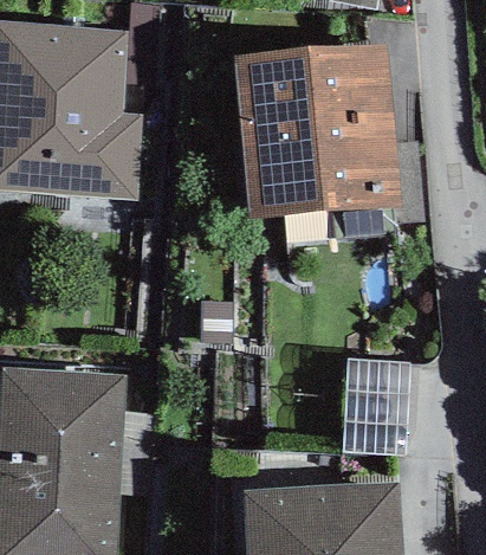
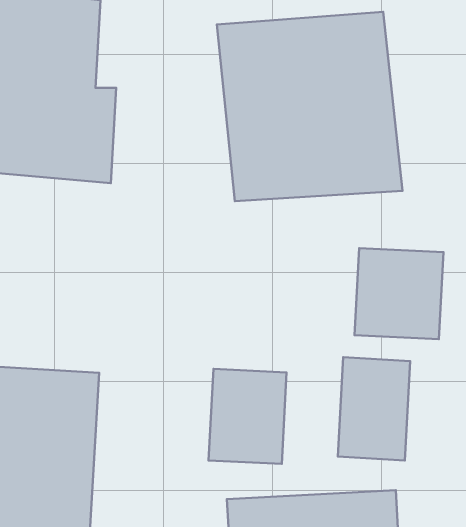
building: none -> [354,248,443,339]
building: none -> [209,369,287,464]

